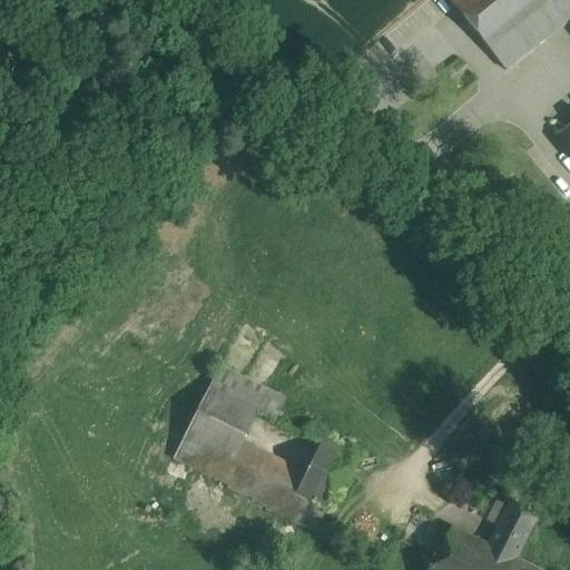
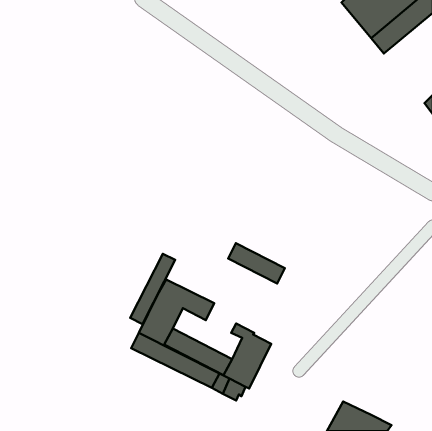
building: none -> [228,243,285,284]
building: none -> [130,254,175,324]
building: [489,502,538,559] -> none

